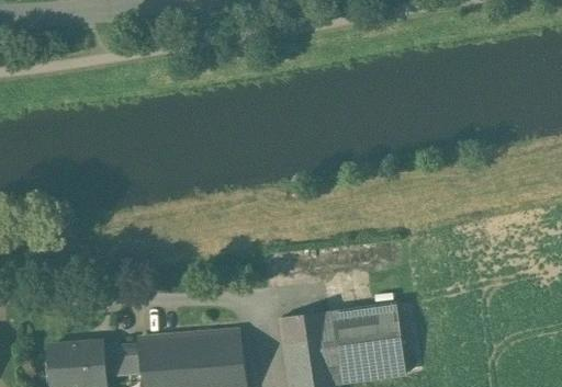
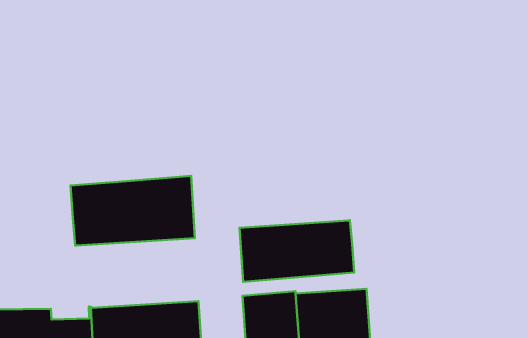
building: none -> [70,176,195,246]
building: none -> [239,220,354,282]

